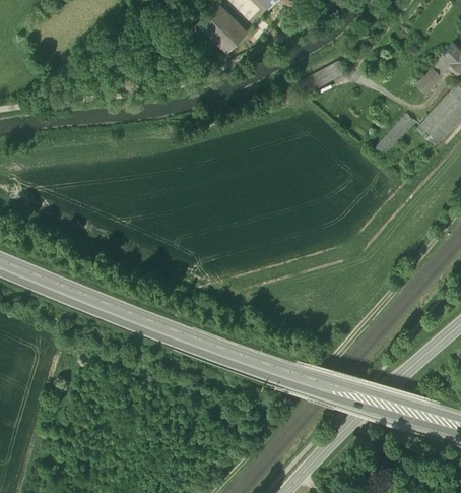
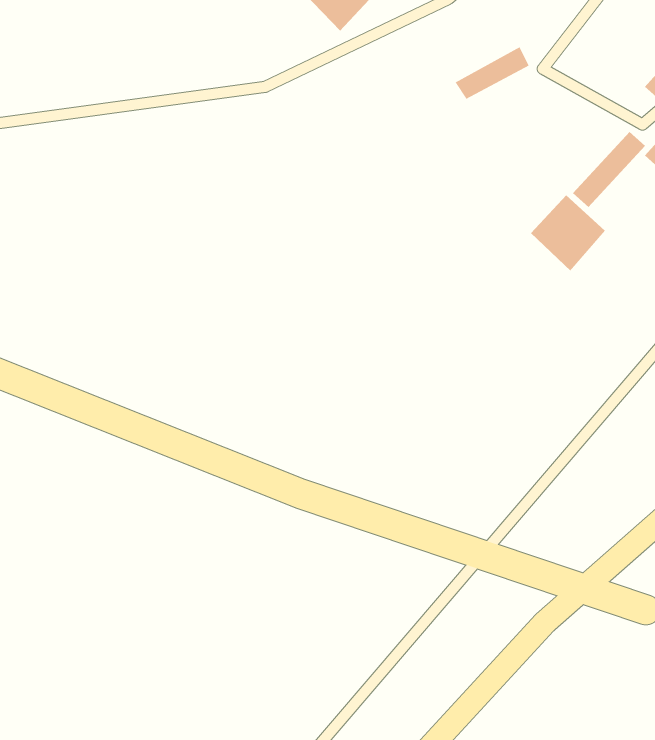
building: none -> [530,194,606,272]

